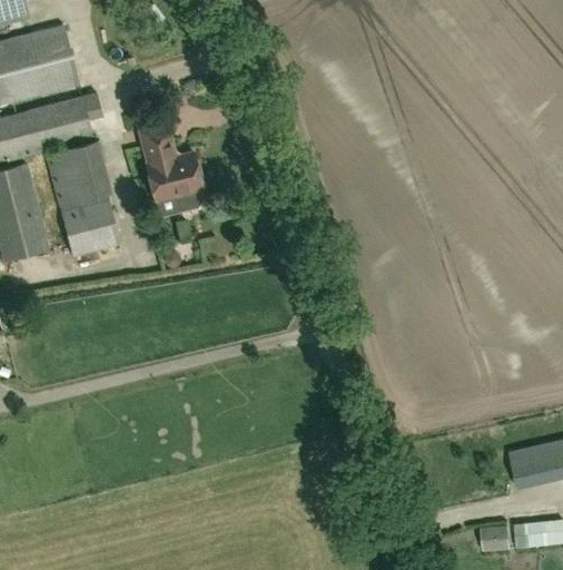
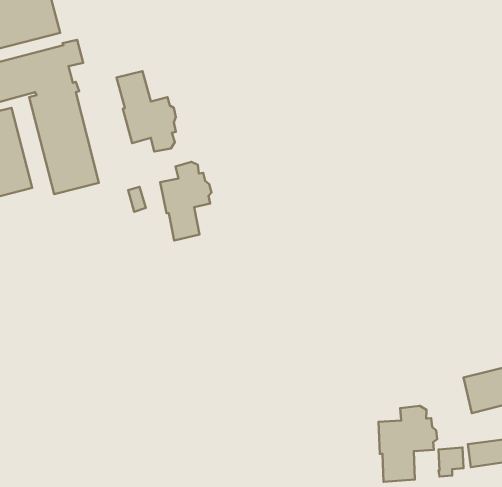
building: none -> [160,162,211,241]
building: none -> [378,406,437,482]

